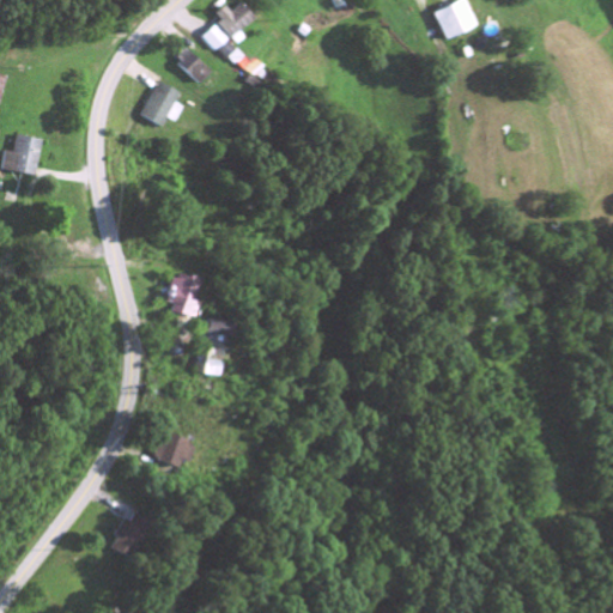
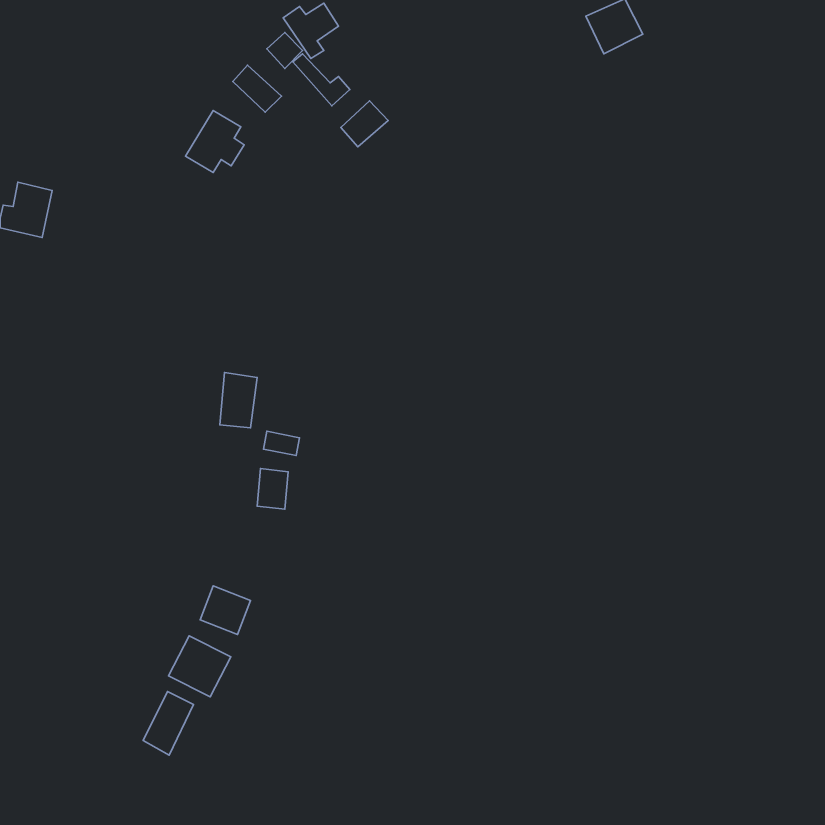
building: none -> [341,101,388,147]
building: none -> [169,636,231,697]

